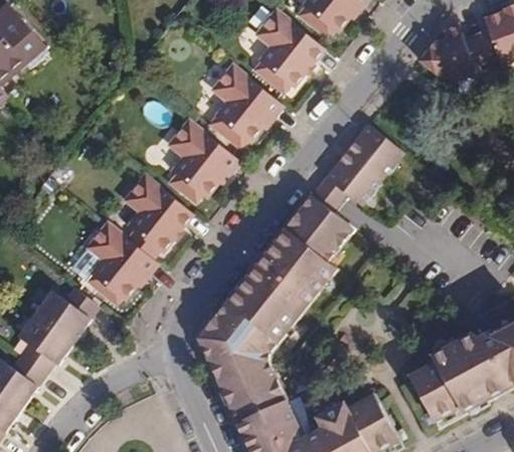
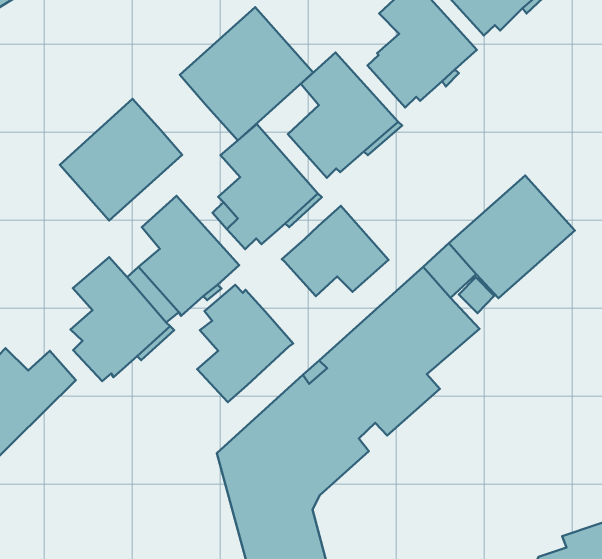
building: none -> [180,7,313,141]
building: none -> [60,99,182,221]
building: none -> [282,206,389,296]
building: none -> [197,285,293,402]

